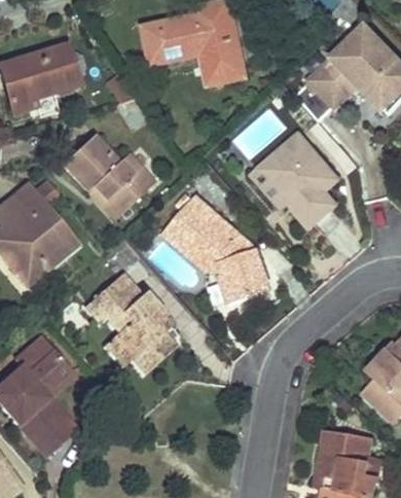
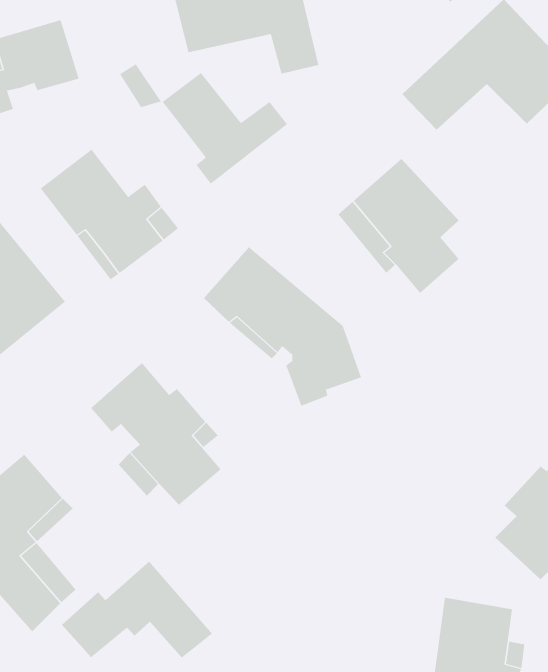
building: none -> [162,72,288,184]
building: none -> [61,561,213,658]

